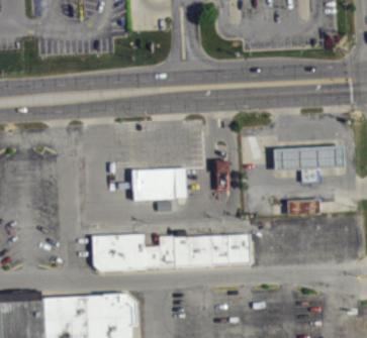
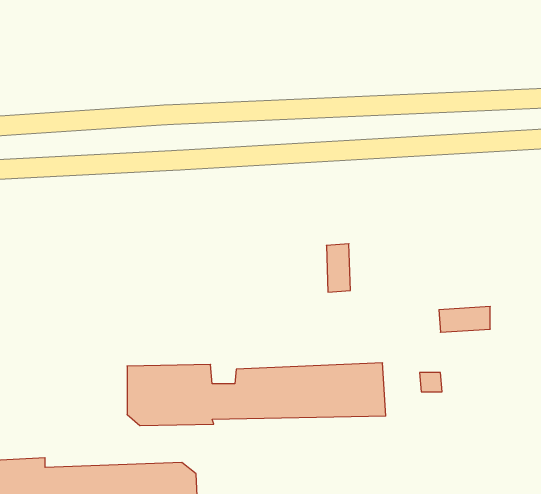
building: [271,144,341,183] -> none
building: [134,173,188,205] -> none

